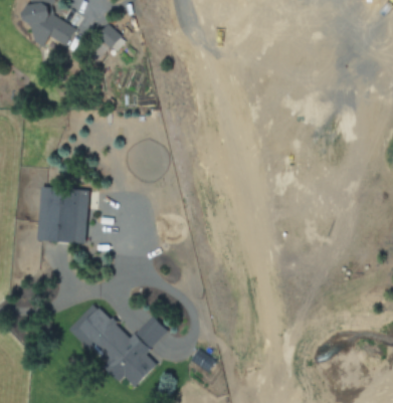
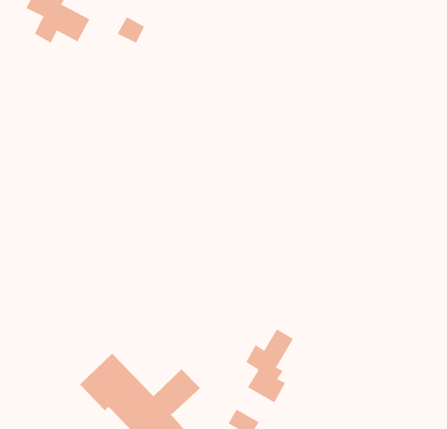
building: [37,187,87,243] -> none
building: none -> [245,328,294,403]

